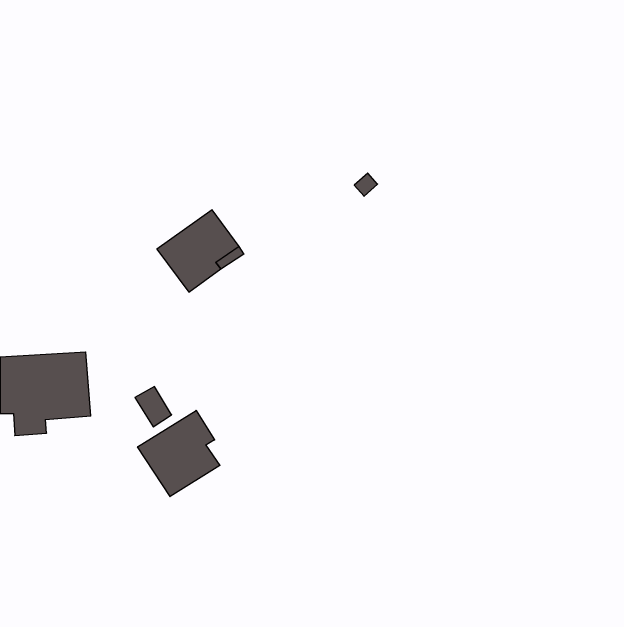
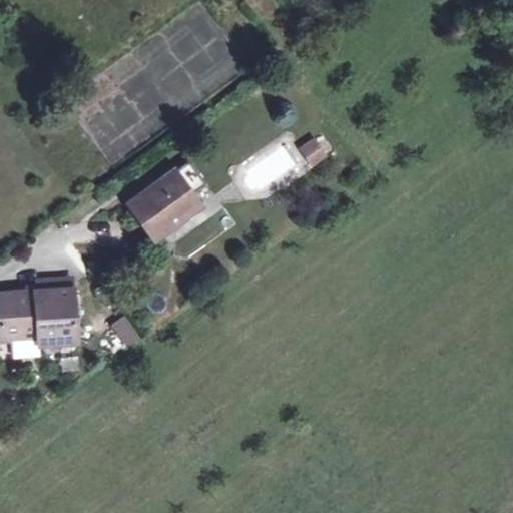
building: [138,410,220,497] -> none

